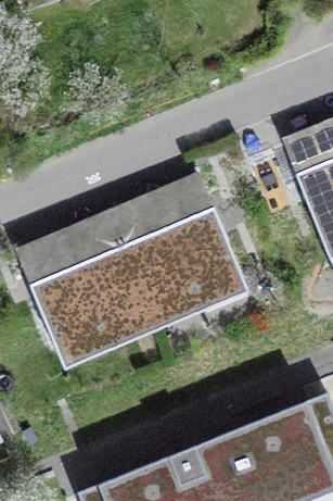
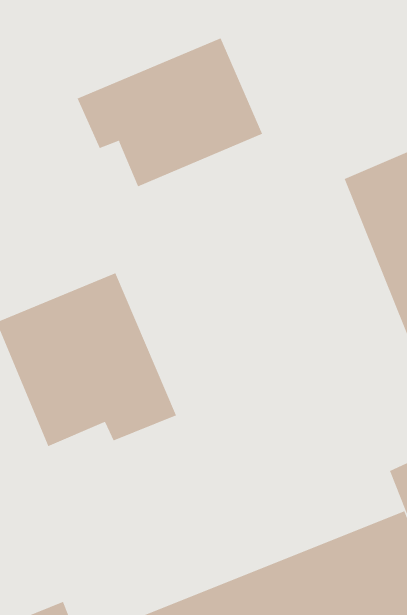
building: none -> [77,38,263,187]
building: [106,173,239,322] -> none

